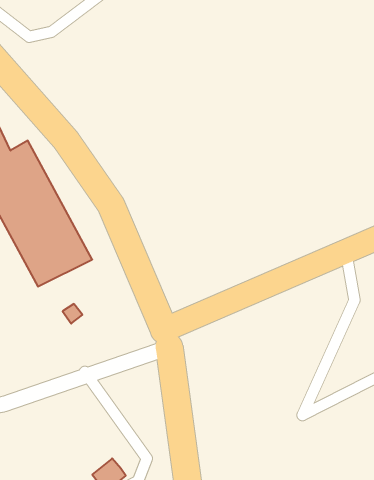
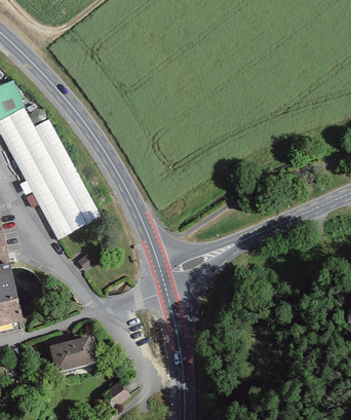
building: none -> [48,336,96,373]

